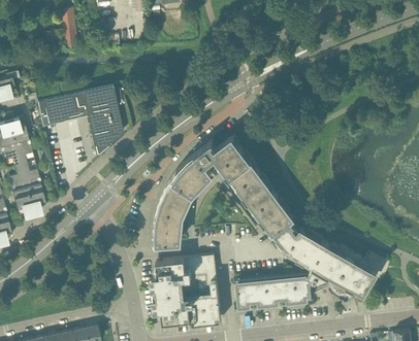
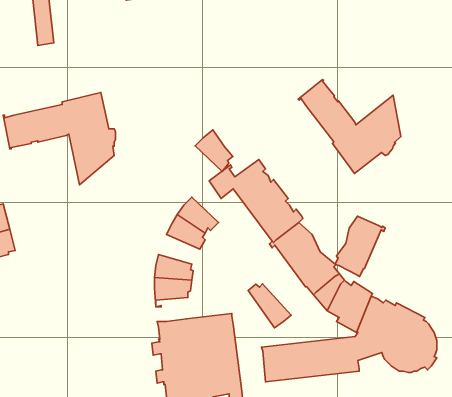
building: none -> [298,79,401,173]
building: [182,152,211,184] -> [195,130,233,171]
building: none -> [335,216,385,276]
building: [156,194,188,216] -> none
building: none -> [248,284,291,328]

